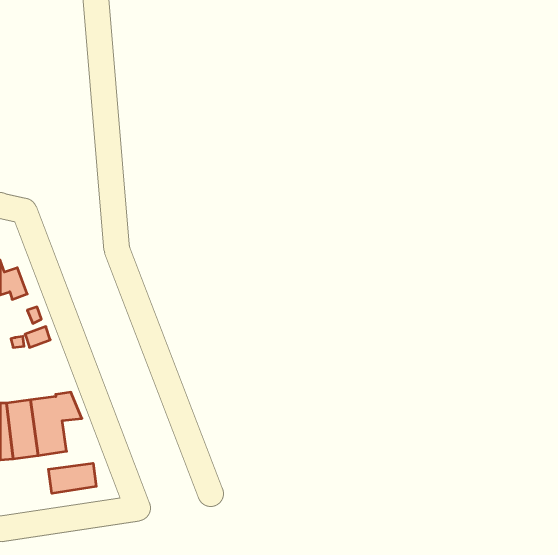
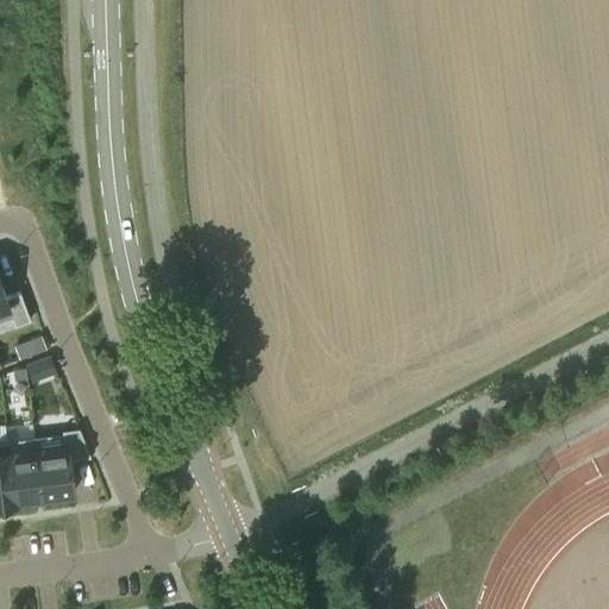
building: [48,463,96,493] -> none

